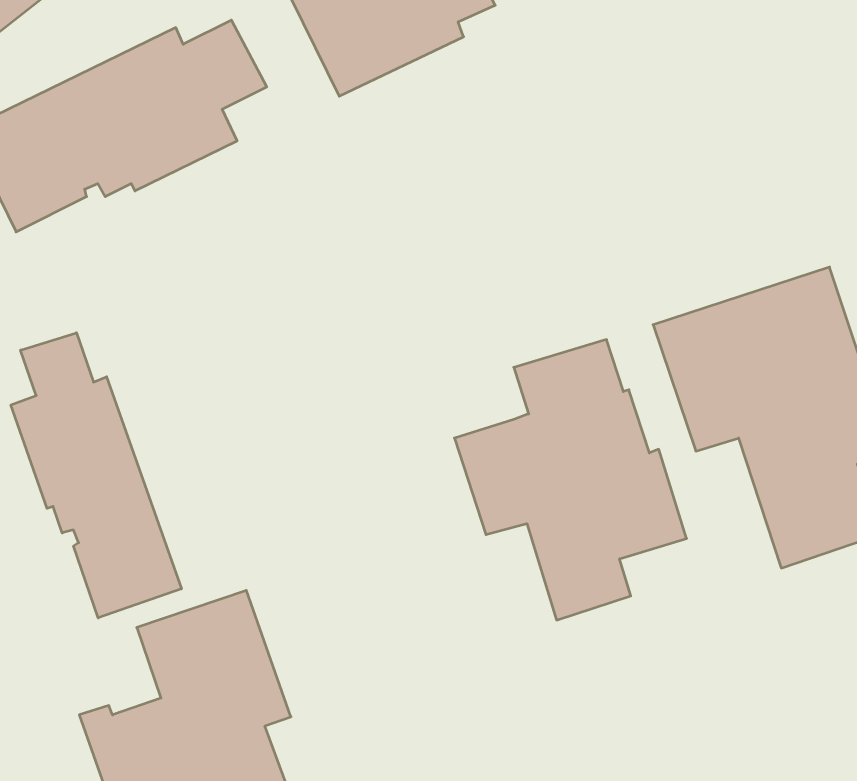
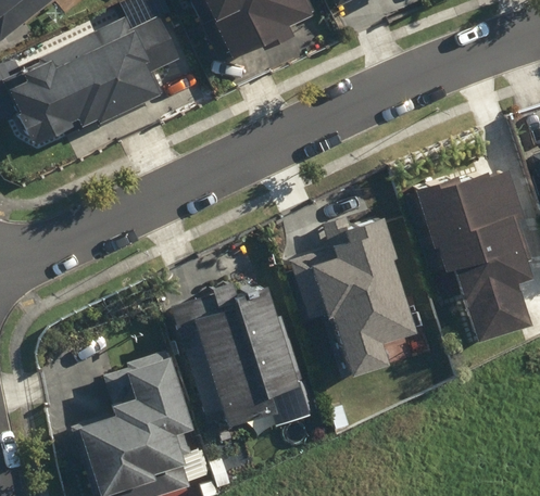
building: [11,333,181,618] -> none
building: none -> [173,282,302,432]

